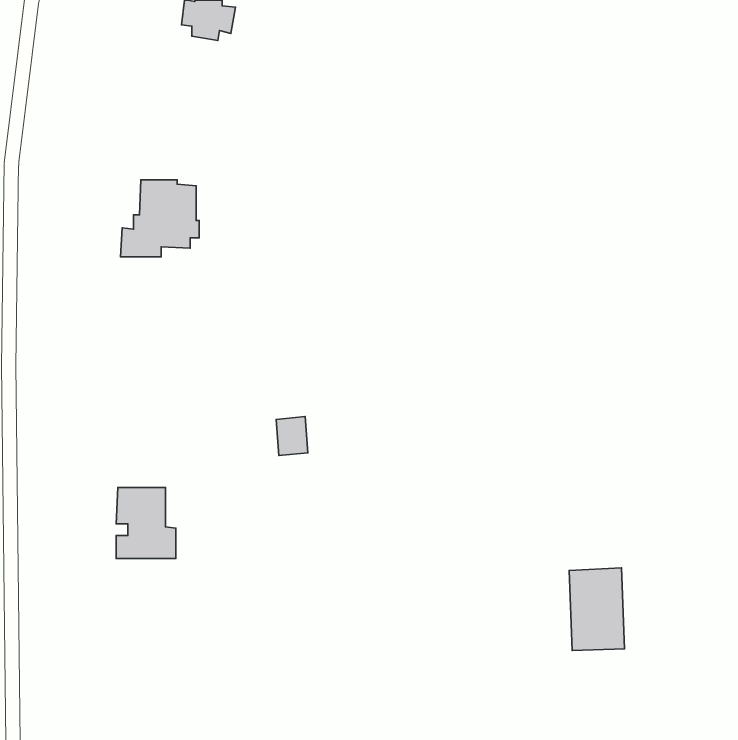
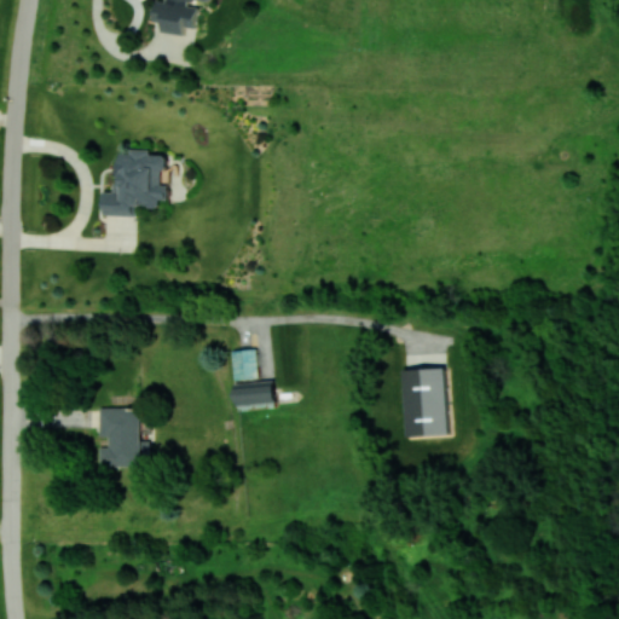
building: none -> [232,381,274,405]
building: [569,568,624,650] -> [401,368,447,436]

